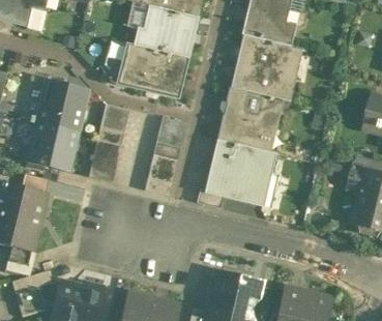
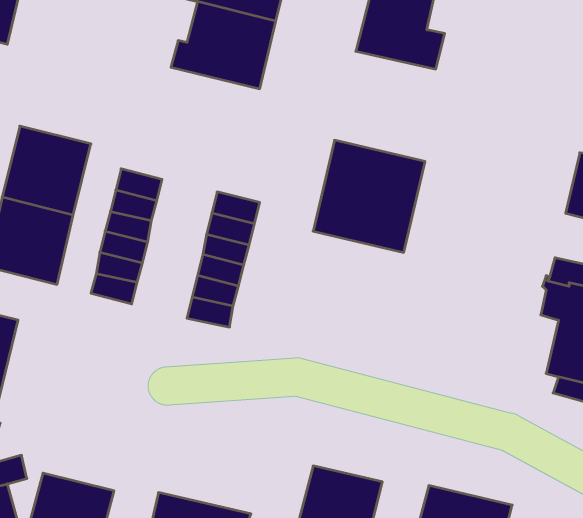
building: [230,34,302,100] -> none
building: [117,42,186,97] -> none
building: [205,139,276,206] -> none

